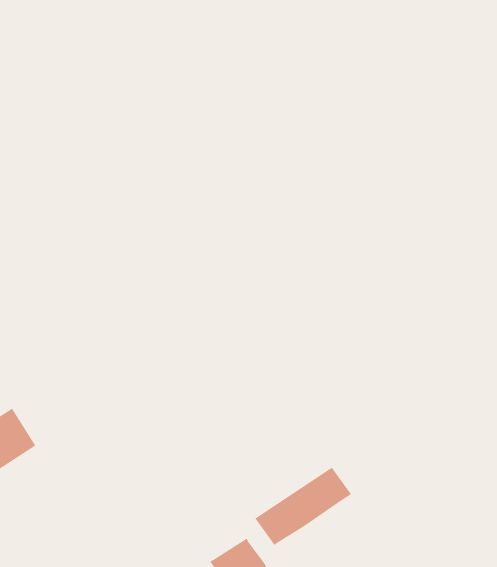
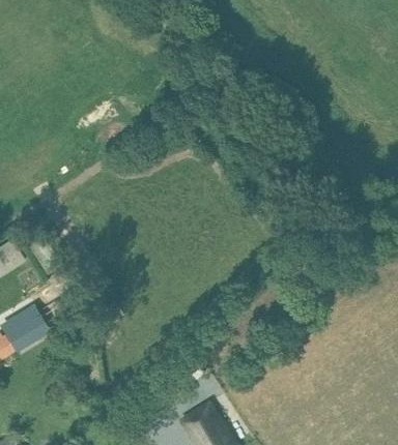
building: [254,467,352,546] -> none

